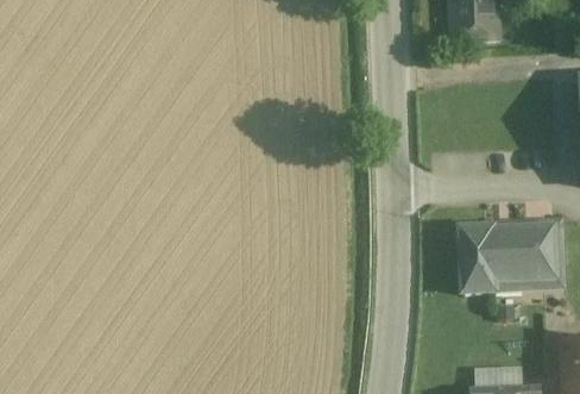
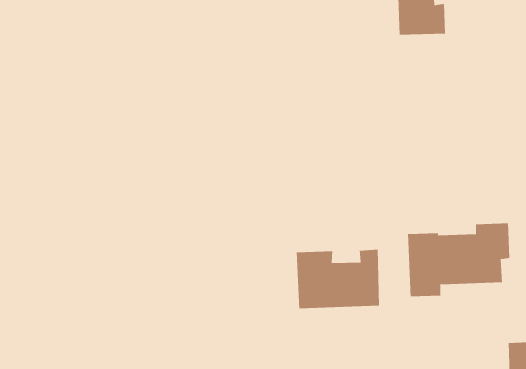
building: none -> [296,249,380,309]

